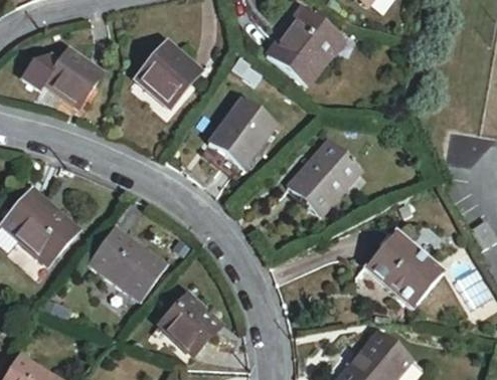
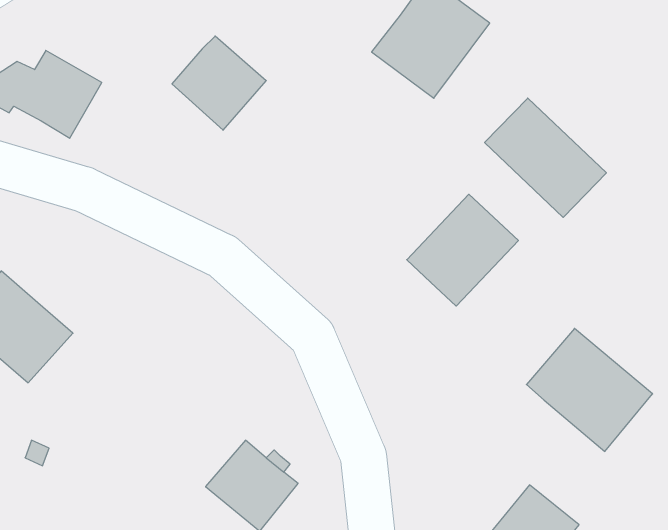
building: none -> [485,98,606,217]
building: [208,100,272,166] -> none
building: [94,224,169,294] -> none

